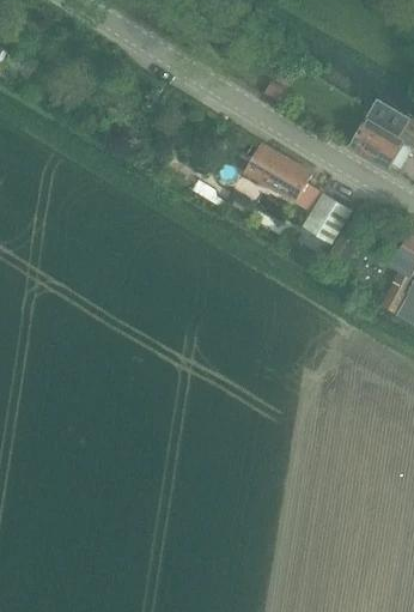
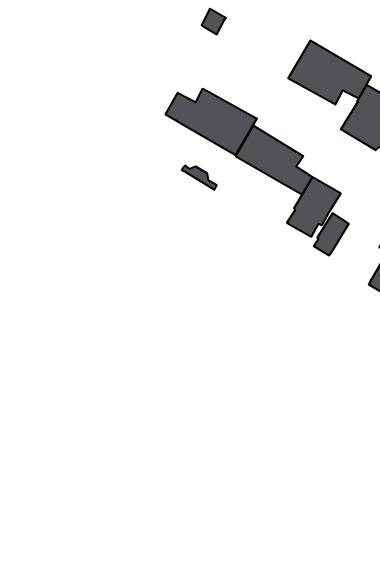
building: none -> [288,40,371,105]
building: none -> [166,89,257,155]

